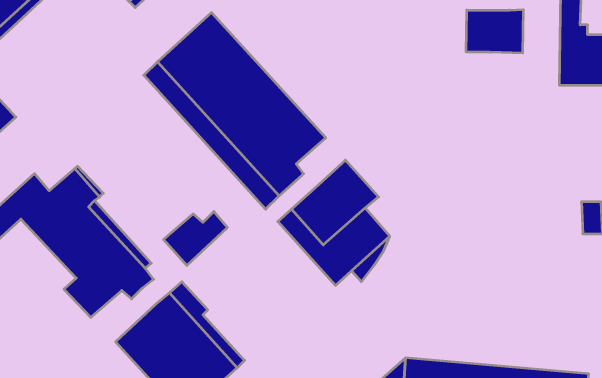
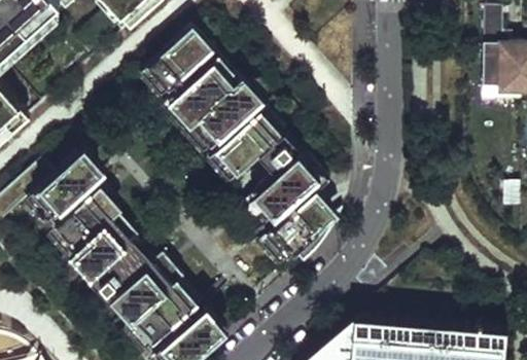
building: [466,10,523,53] -> none
building: none -> [262,135,304,177]
building: [164,211,227,265] -> [92,260,145,305]

